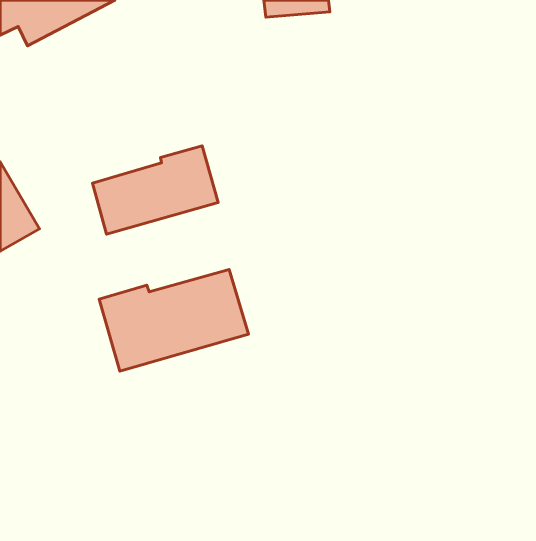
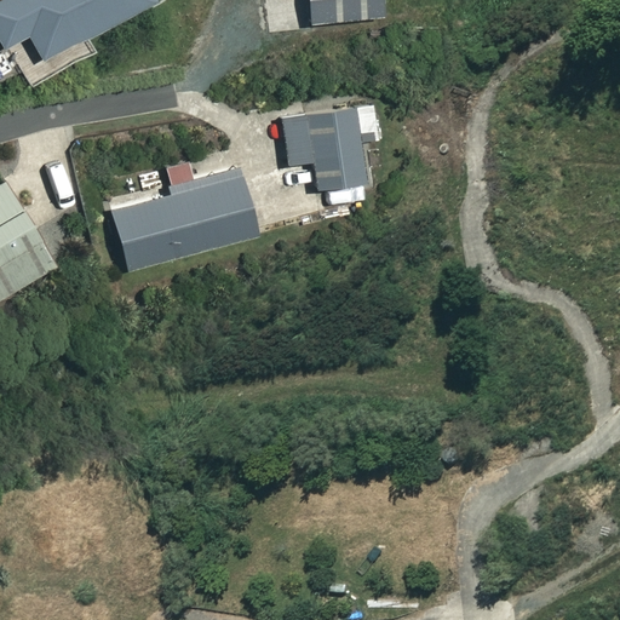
building: none -> [285,107,381,188]
building: [99,269,249,371] -> none

